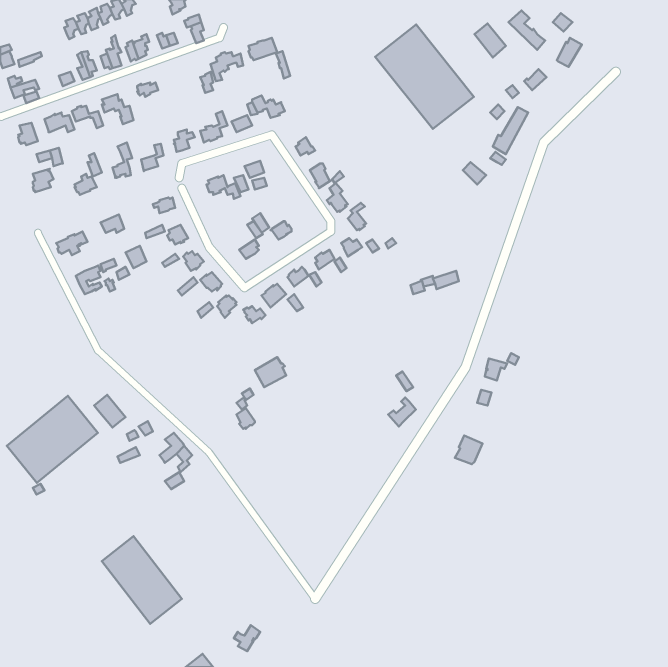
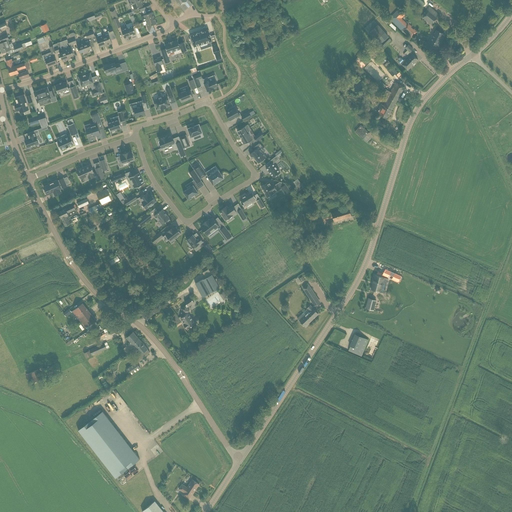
building: [375,25,474,129] -> none
building: [7,396,98,483] -> none

